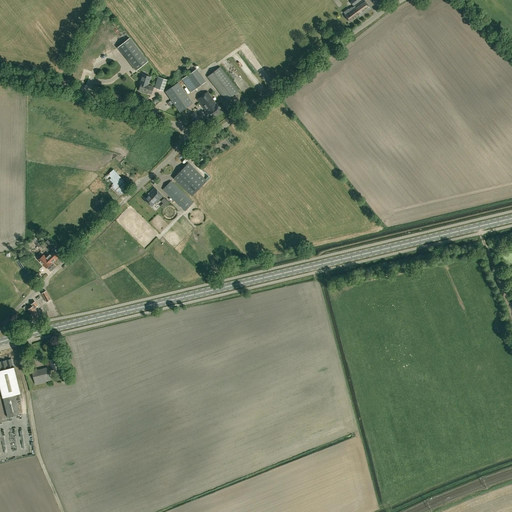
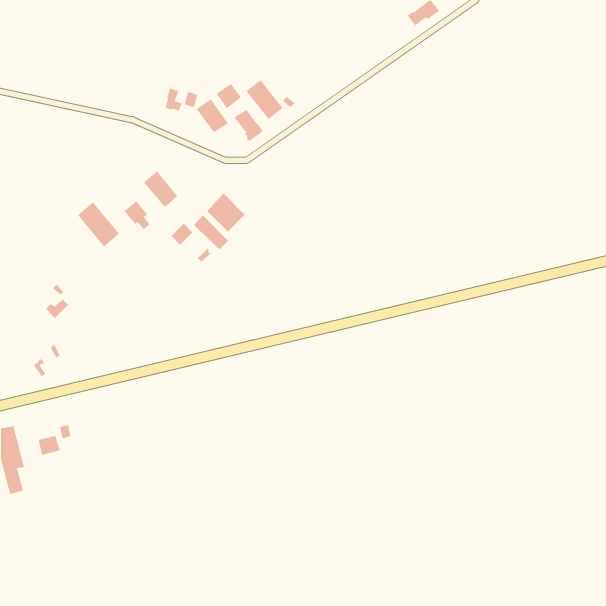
building: [118,38,148,71] -> none
building: none -> [143,171,178,208]
building: none -> [77,201,120,247]

